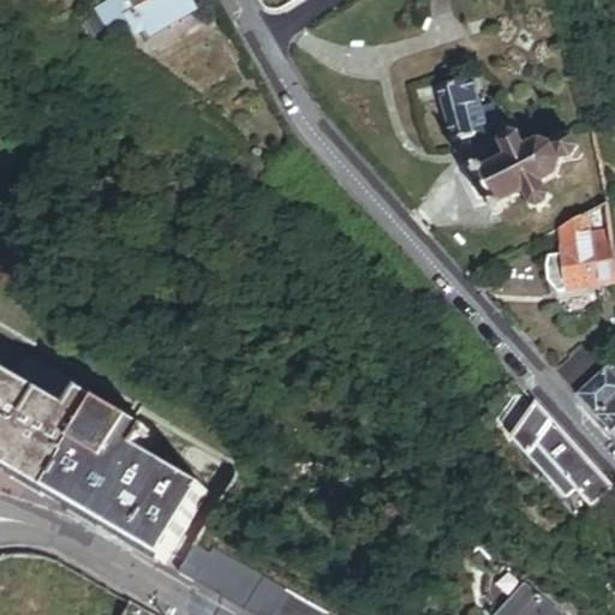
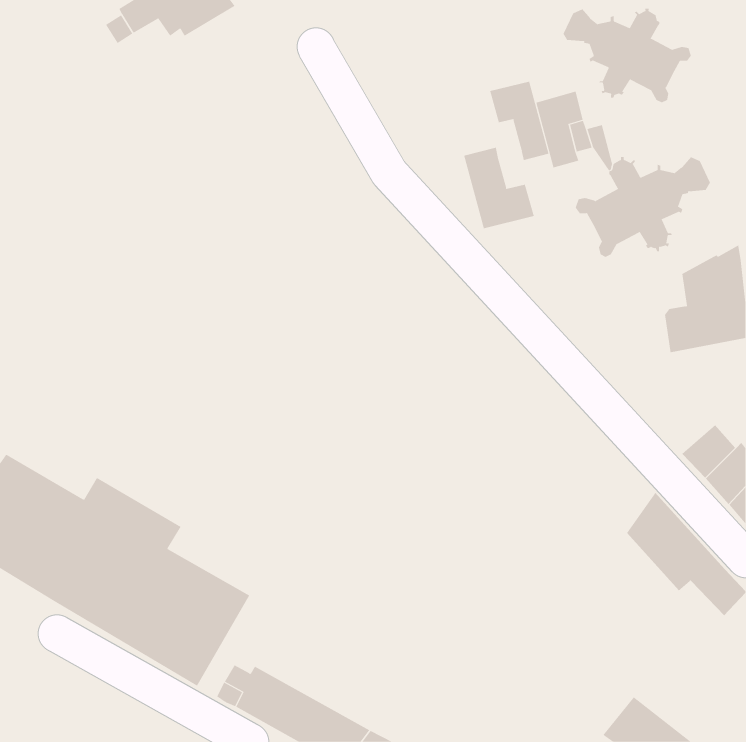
building: none -> [563,8,691,103]
building: none -> [489,81,549,161]
building: none -> [464,147,534,229]

